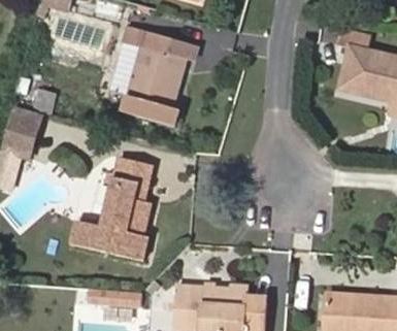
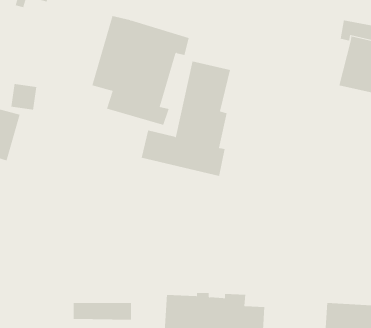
building: [71,156,155,263] -> [141,61,231,177]

